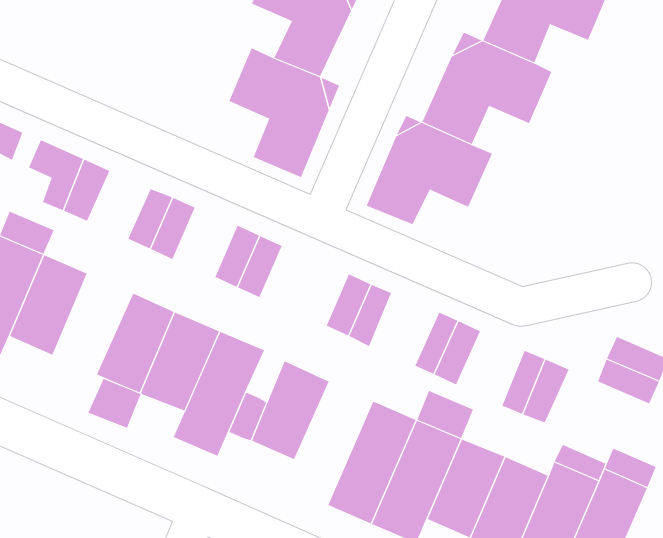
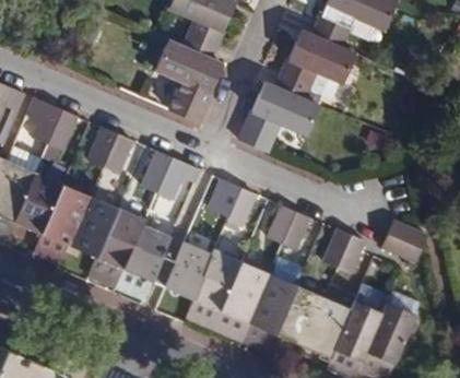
building: none -> [34,182,91,260]
building: none -> [186,250,241,328]

